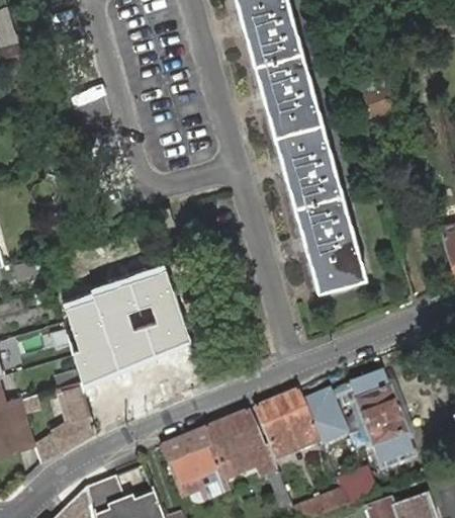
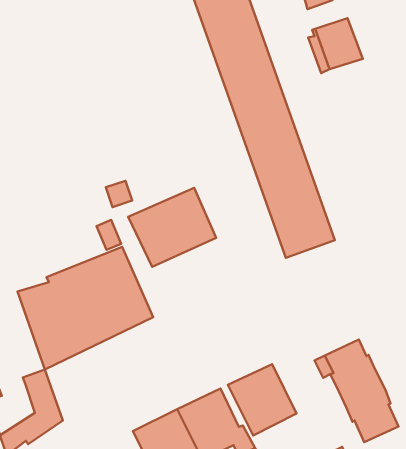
building: none -> [128,188,216,267]
building: [302,387,349,444] -> none

